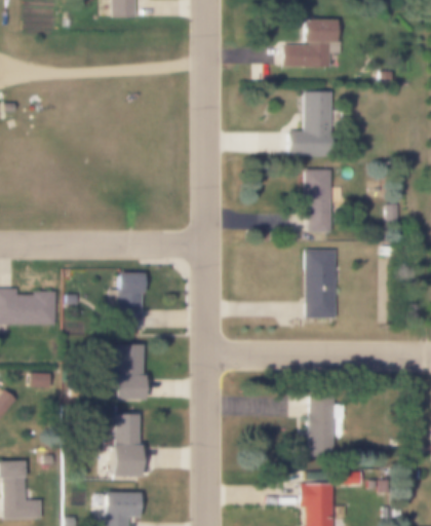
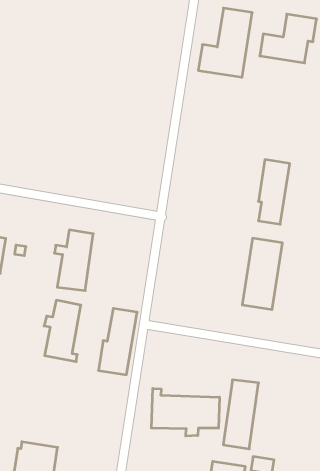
building: [288,91,334,158] -> [198,8,252,77]
building: [111,411,141,476] -> [98,308,137,375]
building: none -> [151,388,219,436]

